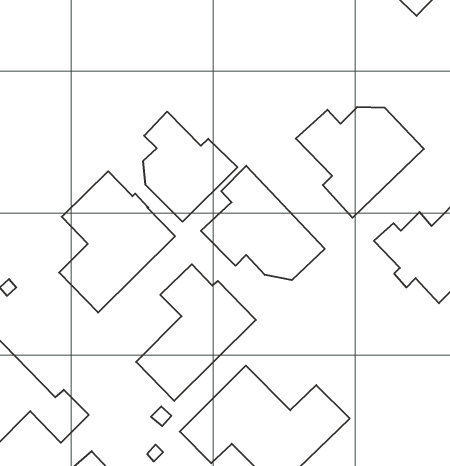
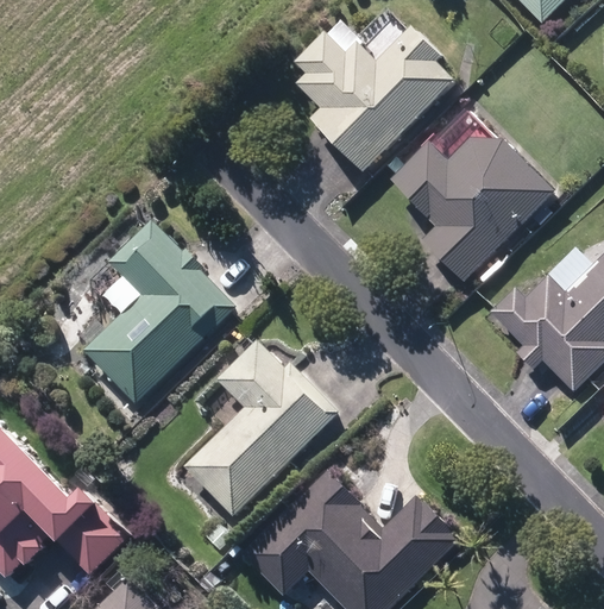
building: none -> [294,26,453,170]
building: [143,112,237,222] -> none
building: [201,166,325,280] -> none

